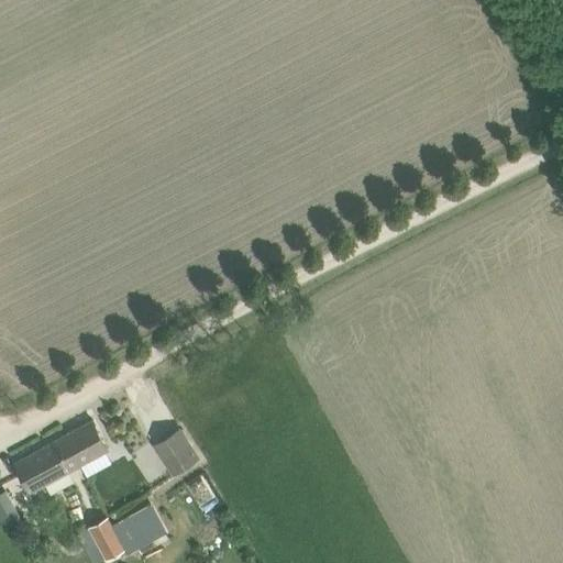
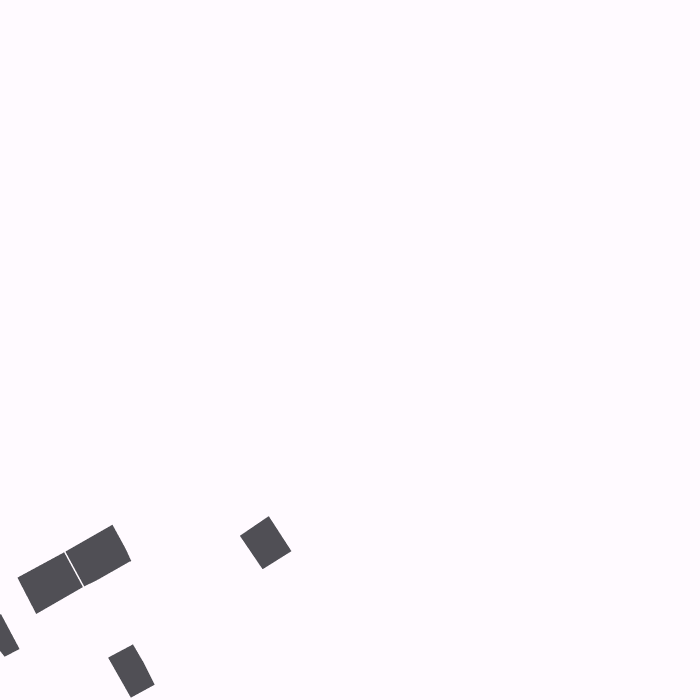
building: [153,430,196,474] -> [239,515,292,570]
building: [114,509,166,556] -> none

